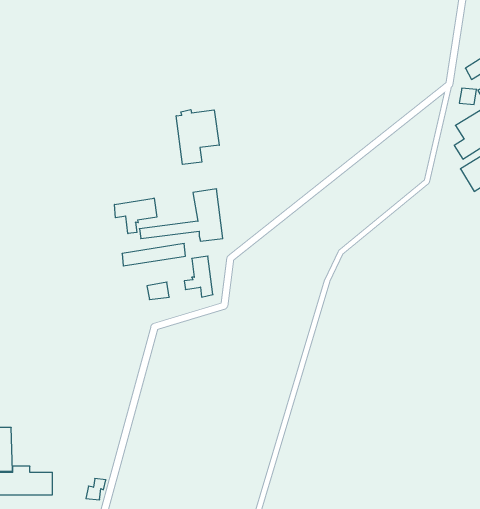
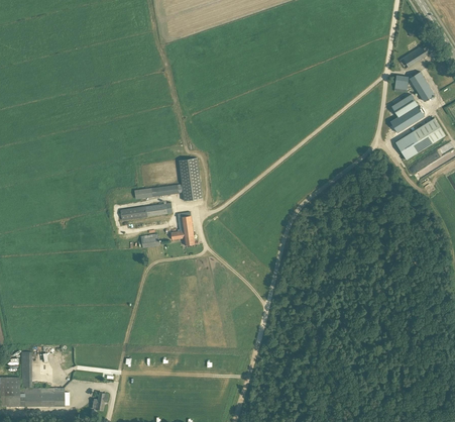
building: [176,110,219,164] -> none
building: [115,198,157,234] -> none

